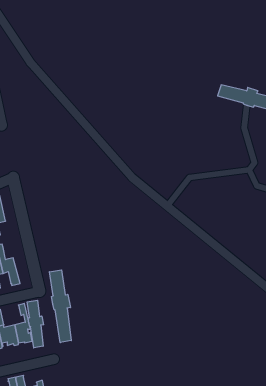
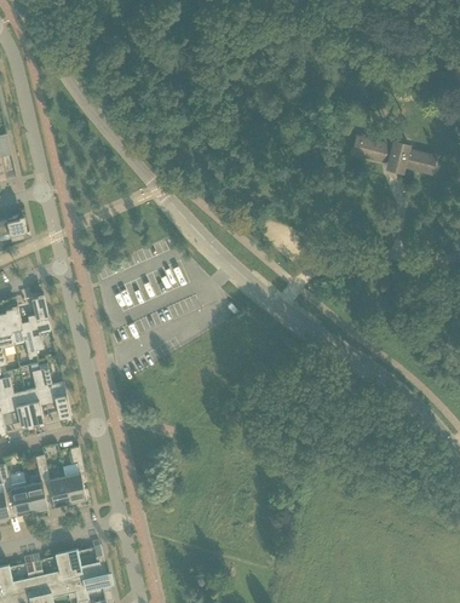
building: [49,270,71,343] -> none
building: [27,300,44,348] -> none

